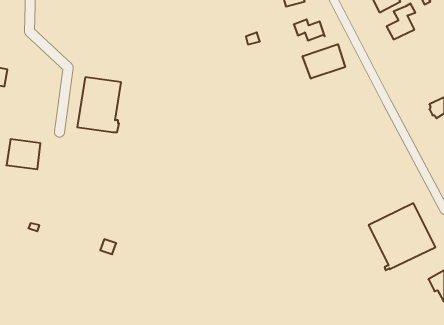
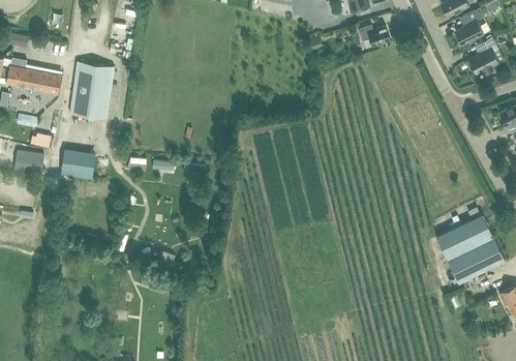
building: none -> [468,36,497,72]
building: [303,44,345,79] -> none
building: [77,77,121,132] -> [68,61,114,118]

